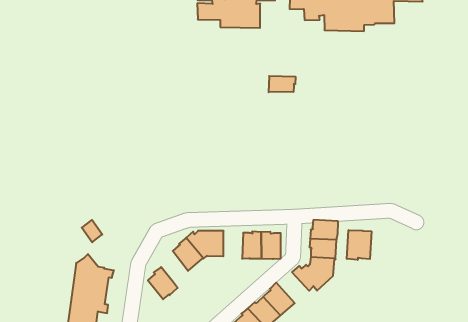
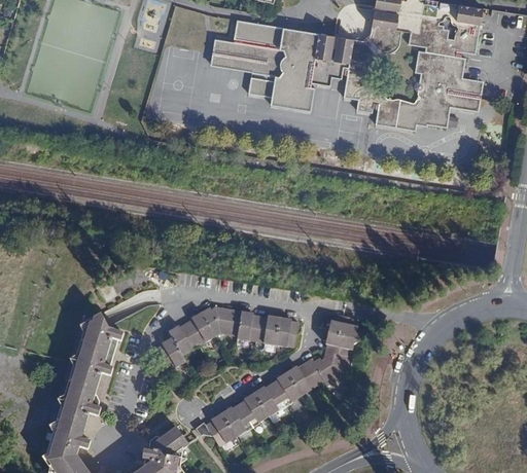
building: [269,76,295,92] -> none
building: [347,230,371,260] -> none
building: none -> [237,311,260,341]
building: none -> [169,323,199,355]
building: none -> [286,363,318,395]

